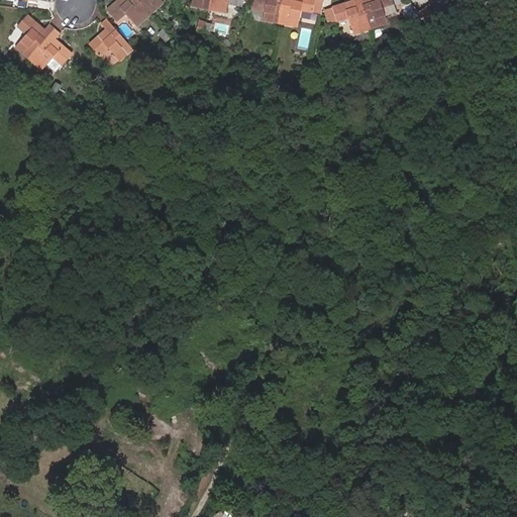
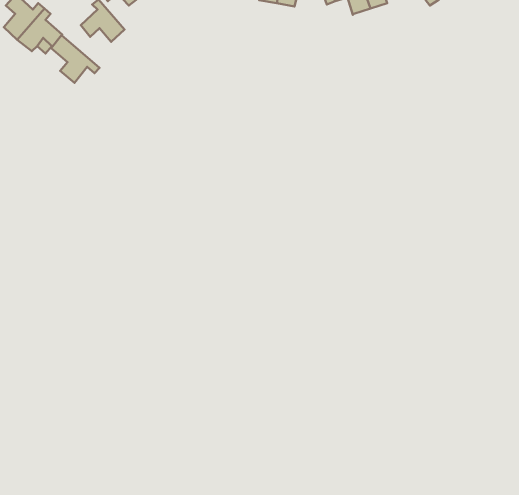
building: none -> [51,35,99,83]

